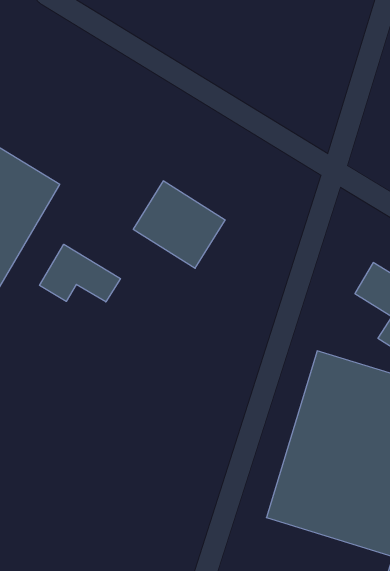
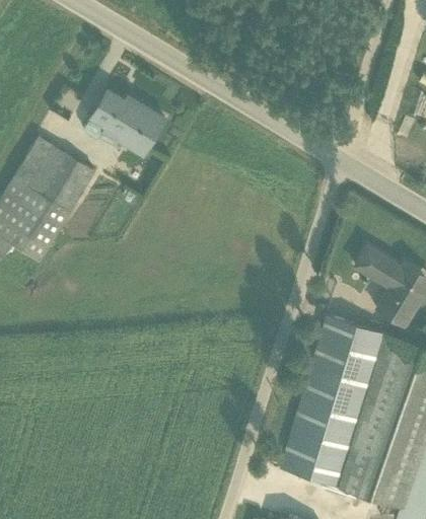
building: [133,181,225,268] -> [86,84,167,161]
building: [40,244,120,302] -> none

